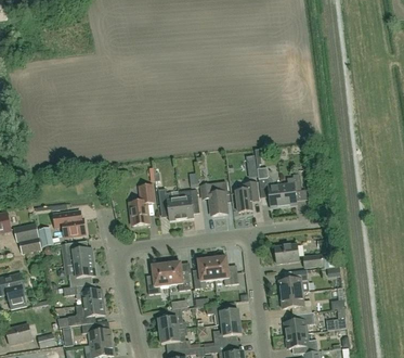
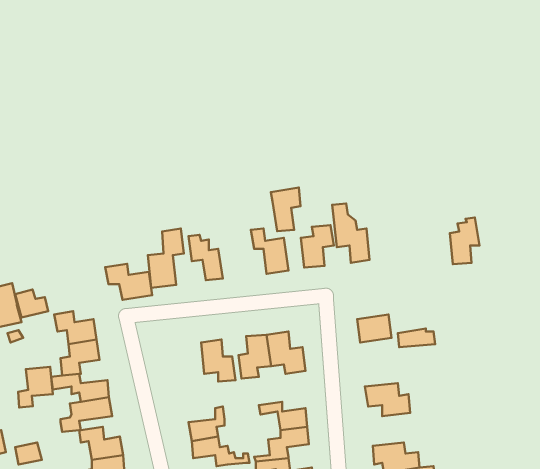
building: [281,172,301,205] -> [450,217,479,264]
building: [177,188,197,218] -> [271,188,300,231]
building: [52,212,84,236] -> [105,264,152,300]
building: [146,263,168,293] -> none
building: [278,268,309,293] -> none
building: none -> [18,367,53,408]
building: [283,311,314,334] -> none

